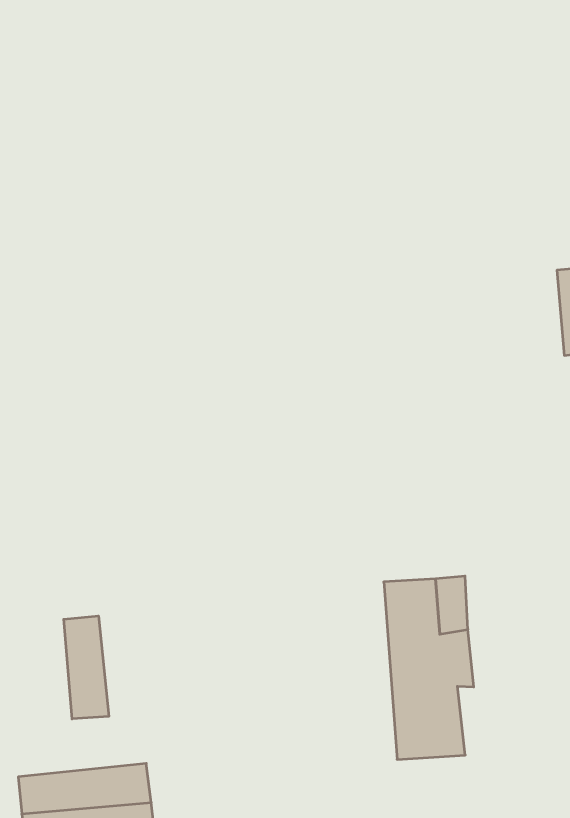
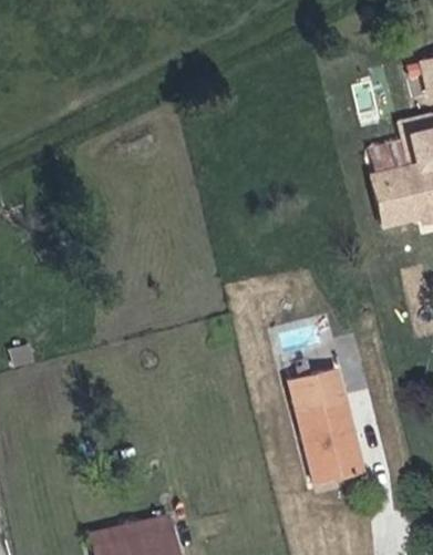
building: [64,616,109,719] -> none

